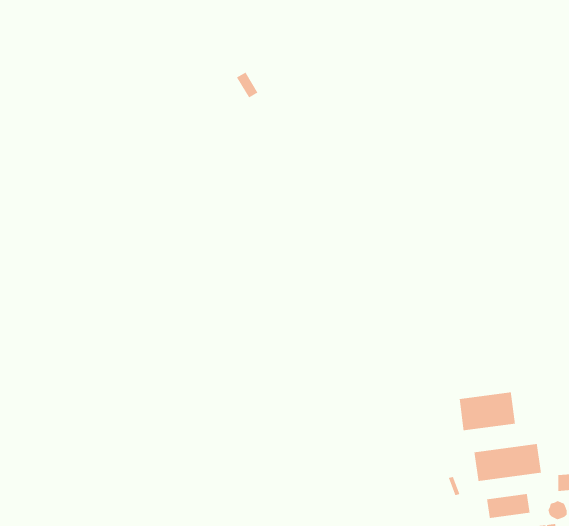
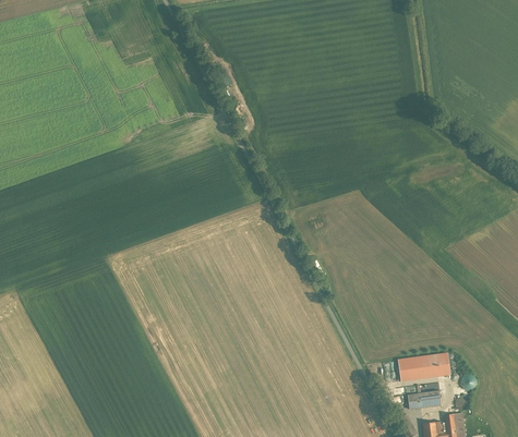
building: [459,391,516,431] -> none

